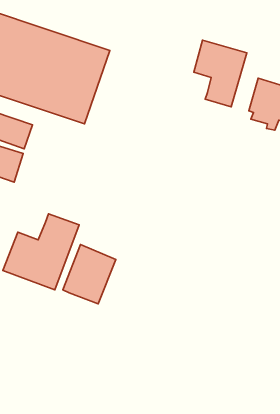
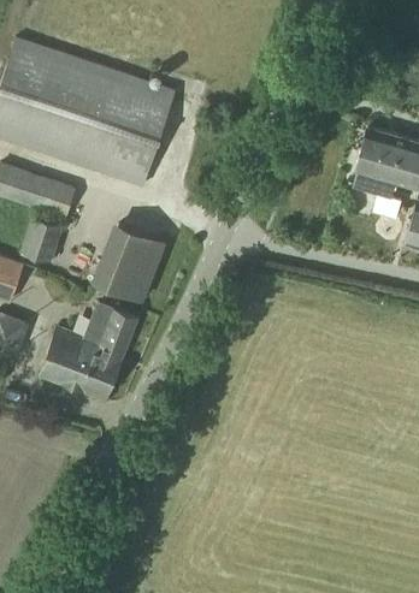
building: [194,40,247,107] -> none
building: [63,245,116,304] -> [96,224,165,301]

